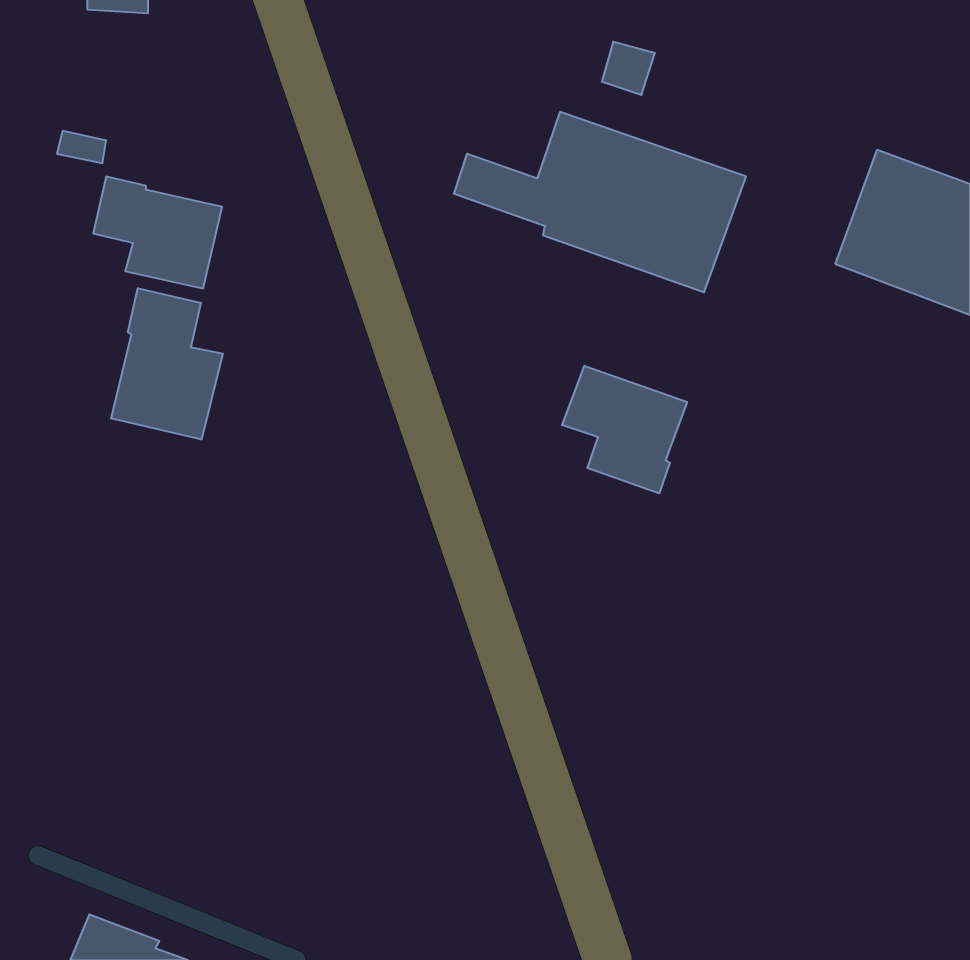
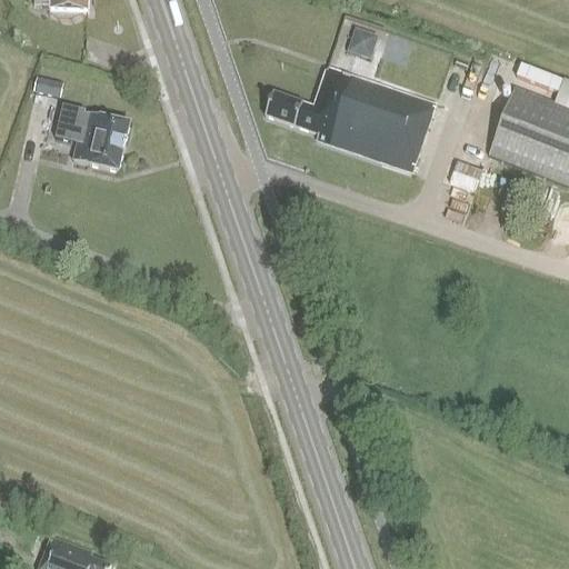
building: [111,288,223,440] -> none
building: [562,366,687,493] -> none

